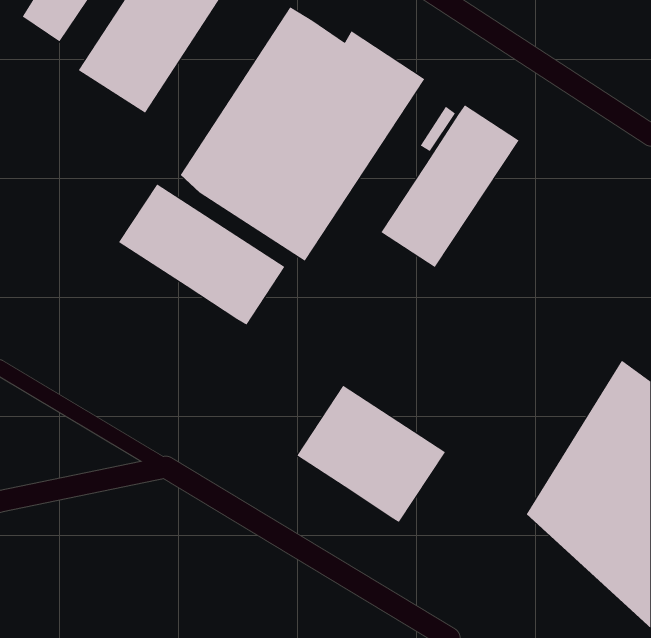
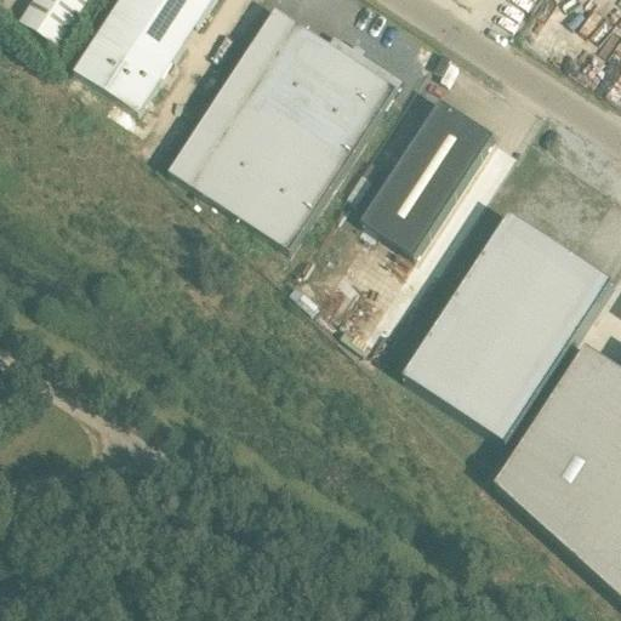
building: [118,184,285,325] -> none
building: none -> [403,212,613,443]
building: [296,385,446,523] -> none

